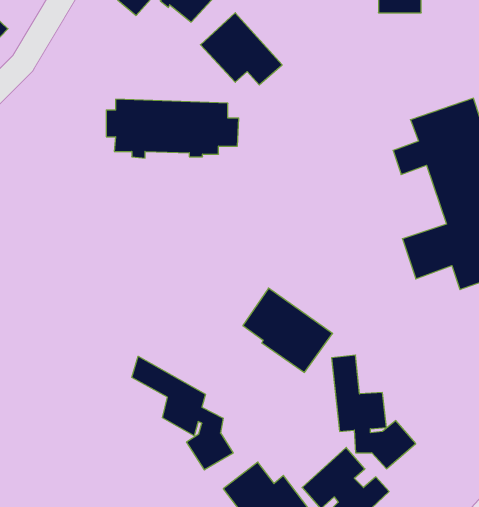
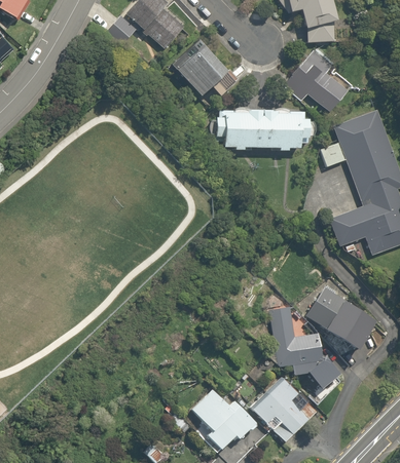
building: none -> [283,49,354,114]
building: [106,99,239,158] -> [212,107,314,152]
building: [243,288,333,372] -> [305,286,374,351]
building: [132,356,233,470] -> none

